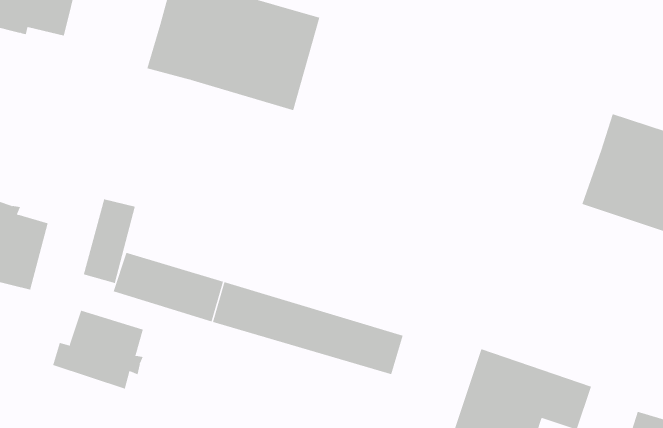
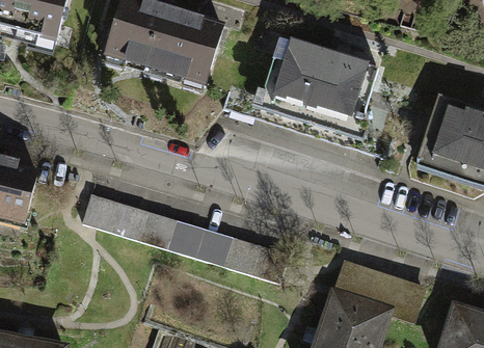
building: none -> [261,38,377,129]
building: [83,198,136,284] -> none
building: [52,310,143,389] -> none

